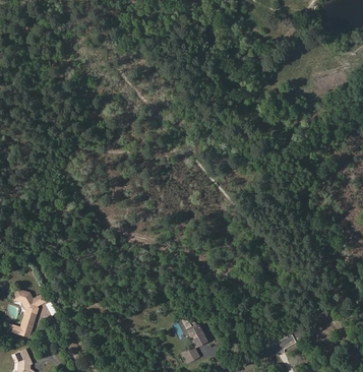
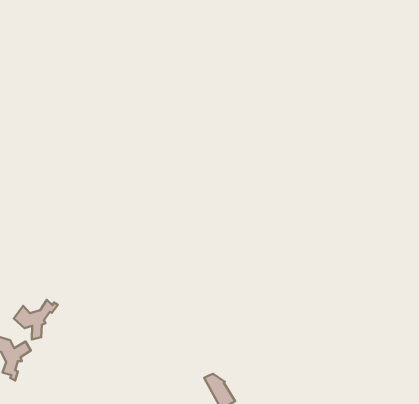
building: none -> [14,300,58,339]

